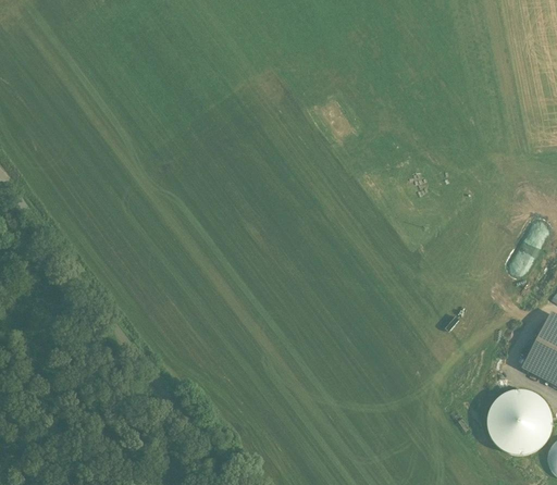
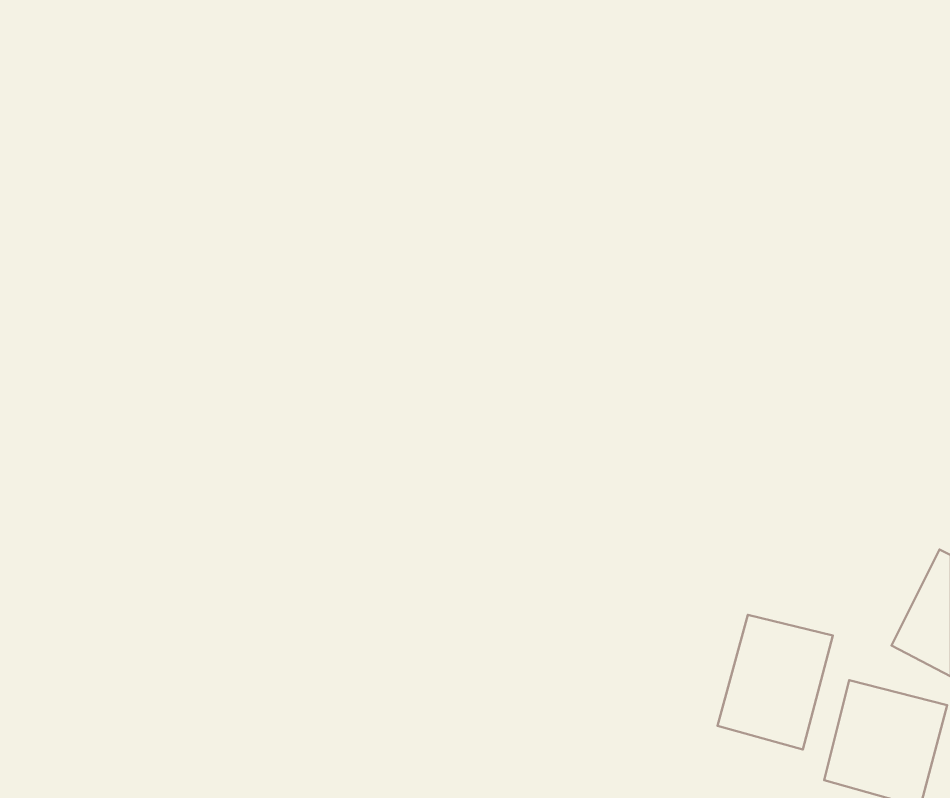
building: none -> [717,615,833,749]

